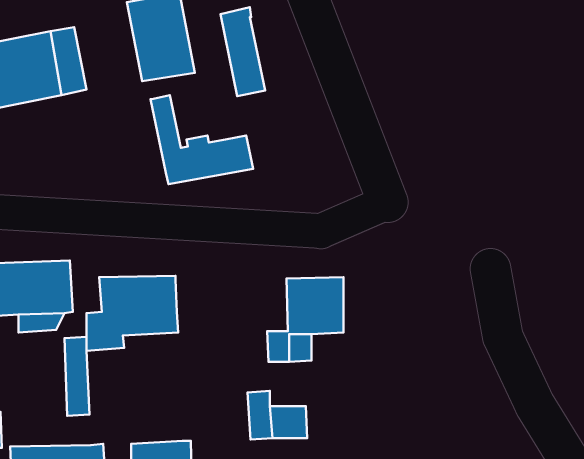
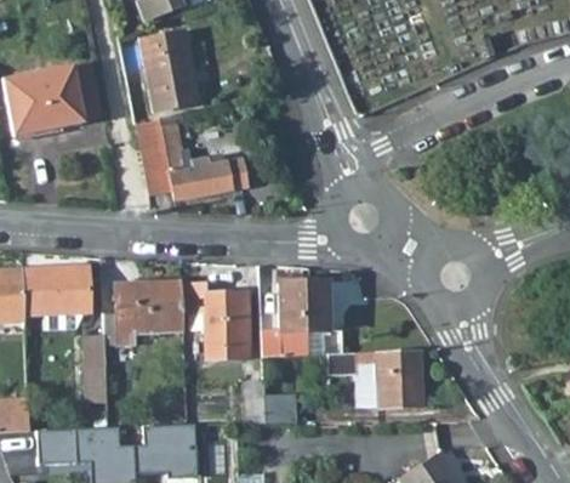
building: [221,7,265,96] -> [135,118,173,195]
building: none -> [182,284,249,359]
building: none -> [329,350,423,408]

